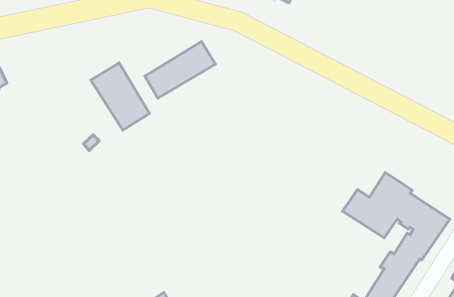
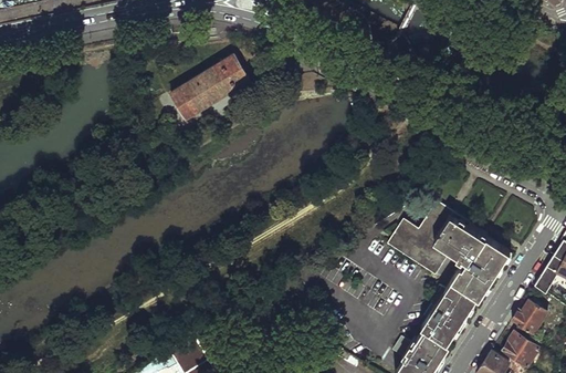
building: [91,63,150,130] -> none

